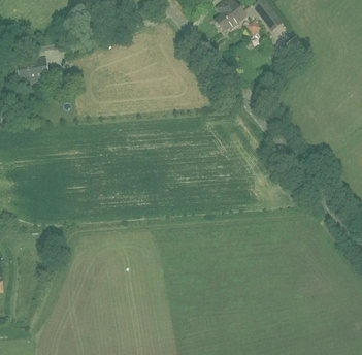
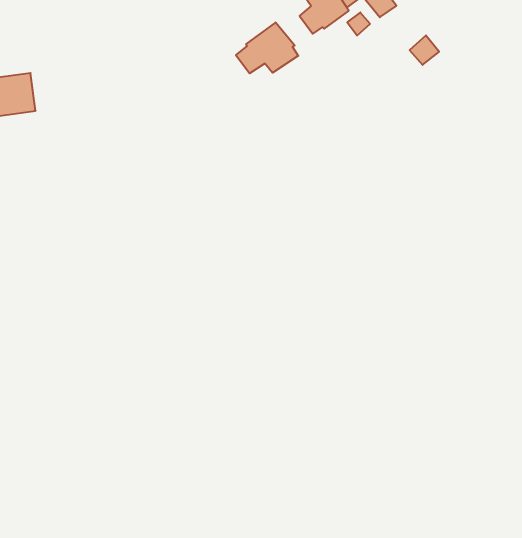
building: none -> [236,22,298,73]

